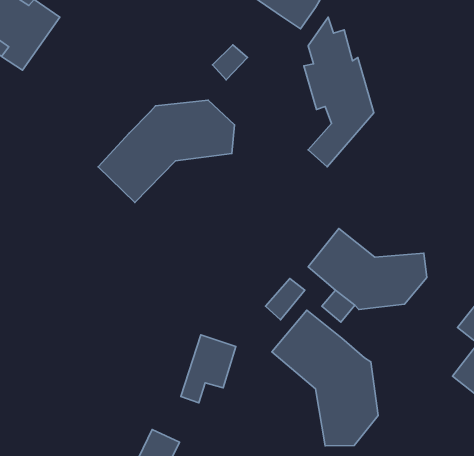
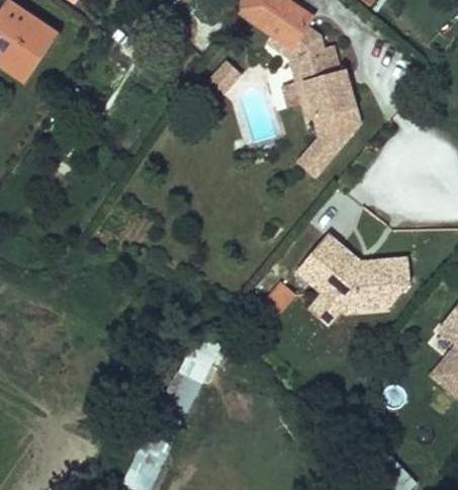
building: none -> [266,23,316,79]
building: [98,100,235,202] -> none
building: [272,310,378,446] -> none

